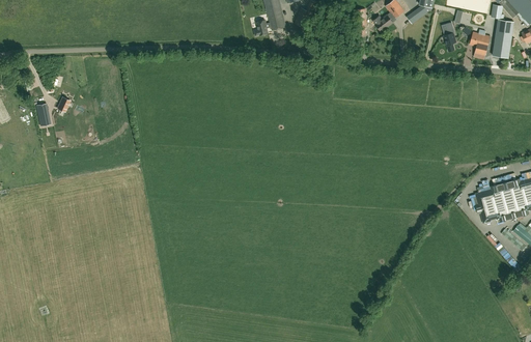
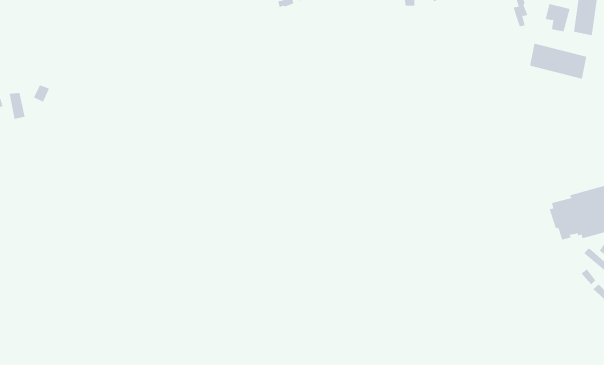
building: none -> [530,43,587,79]

